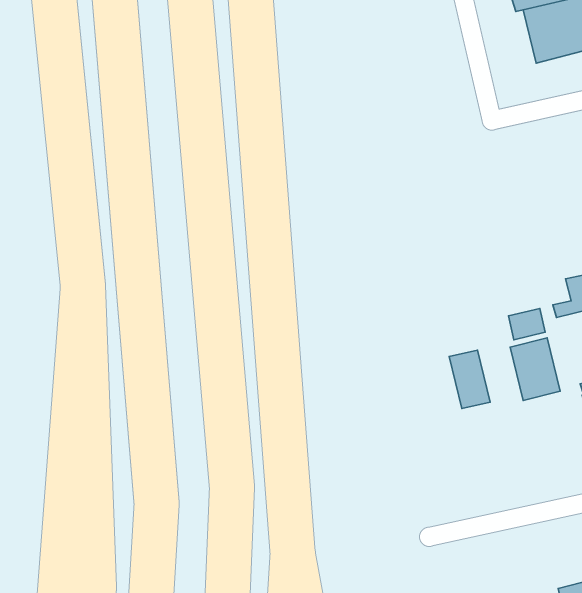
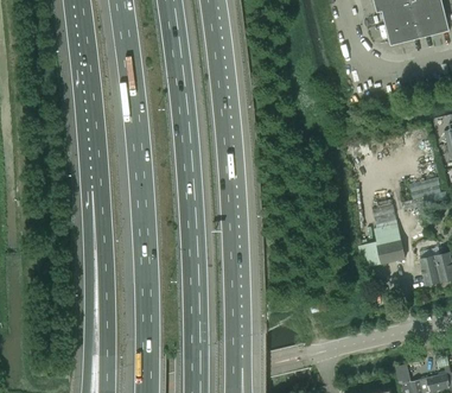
building: [449,350,490,409] -> none

